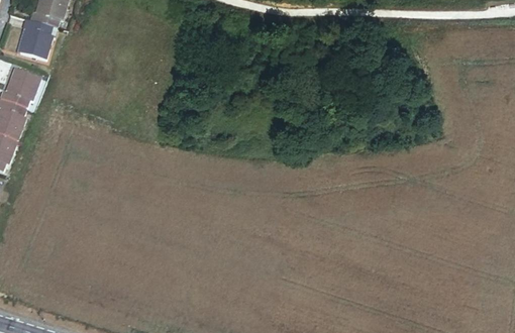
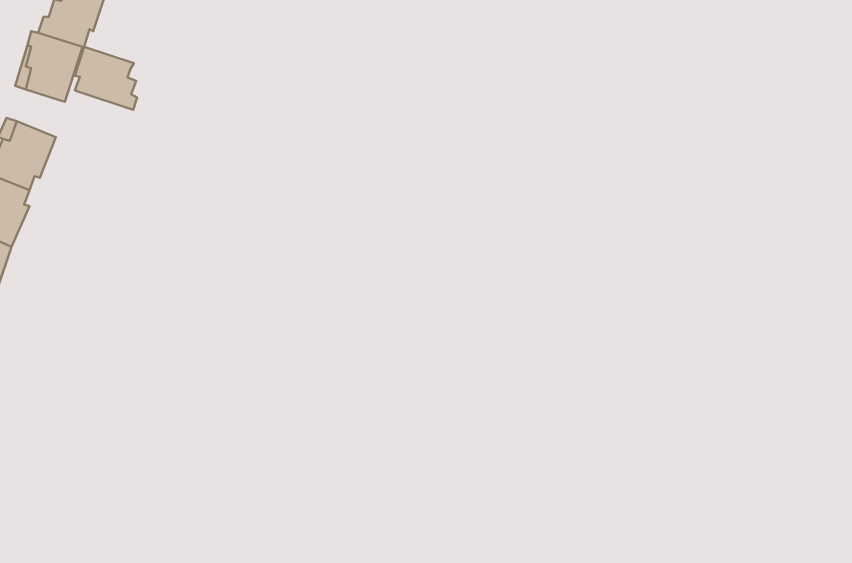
building: none -> [75,47,137,110]

